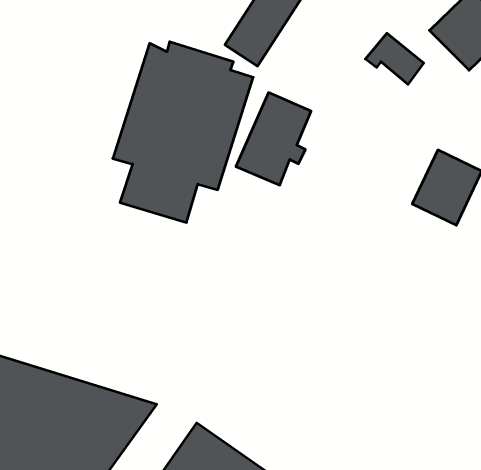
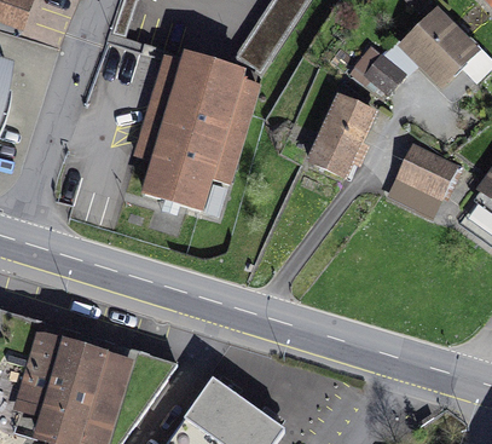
building: [236,93,311,185] -> [308,96,372,174]

